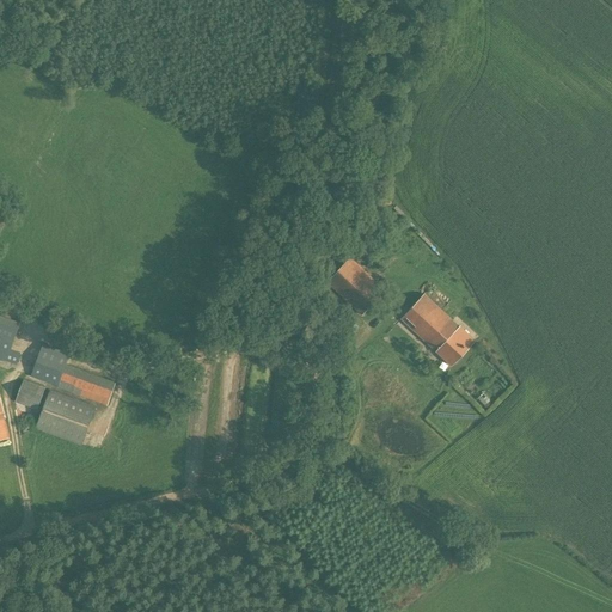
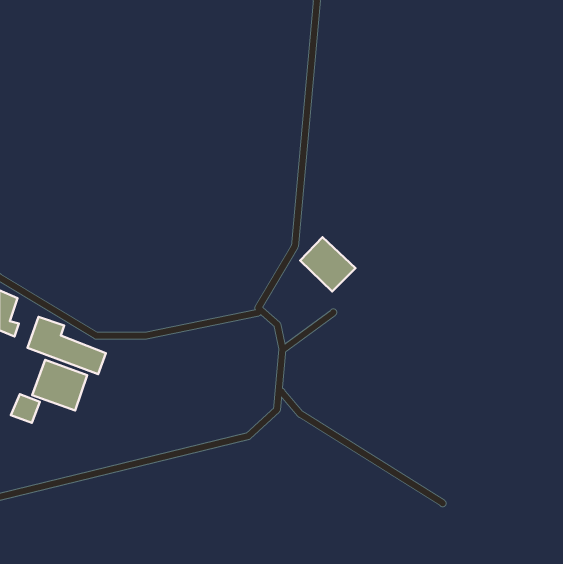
building: [400,294,473,366] -> none
building: [13,379,44,410] -> [11,394,40,423]

